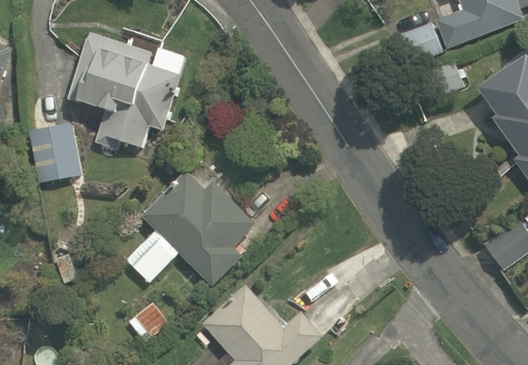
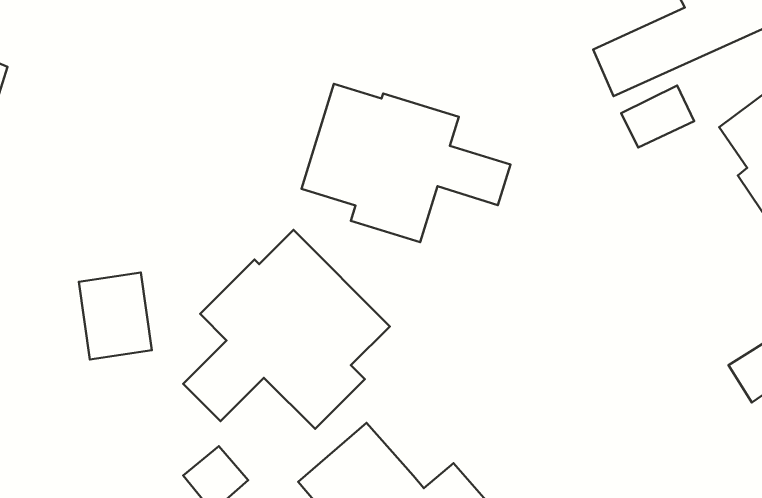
building: [67,24,186,153] -> none
building: none -> [301,84,511,242]
building: [32,125,80,182] -> [79,272,152,359]

